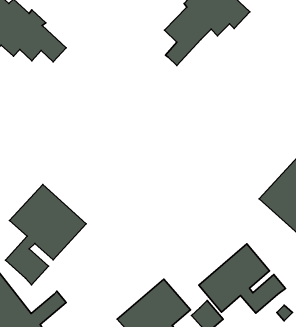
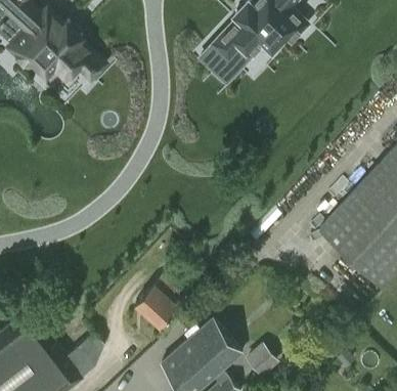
building: [5,185,86,285] -> none
building: [199,244,286,313] -> none
building: none -> [134,285,177,328]

